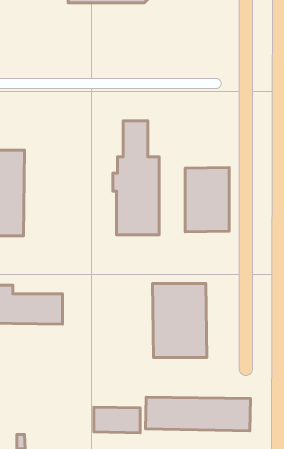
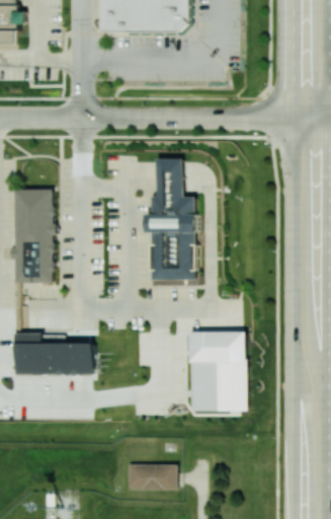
building: [185,167,229,232] -> none
building: [145,397,251,431] -> none

